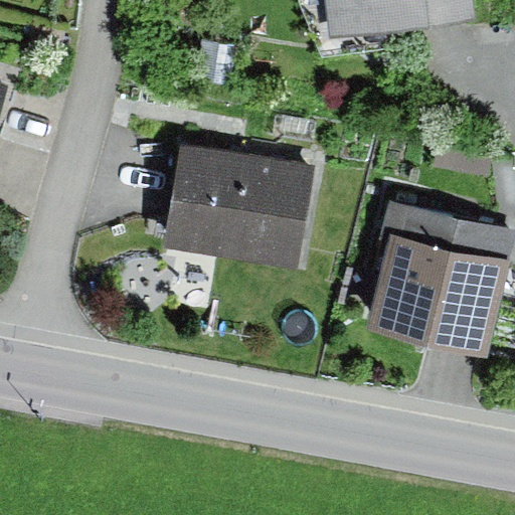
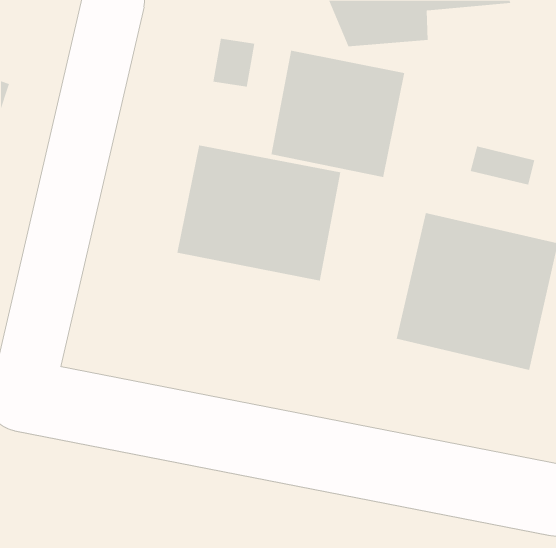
building: none -> [271,50,405,178]

